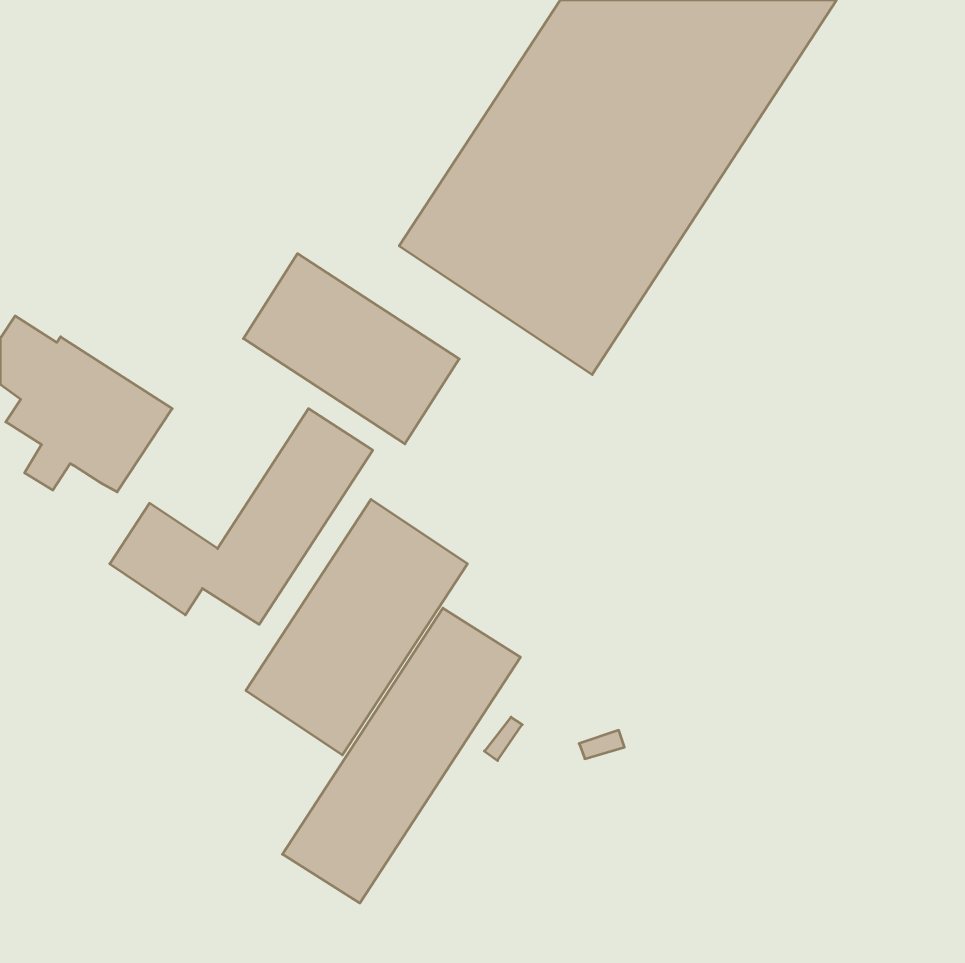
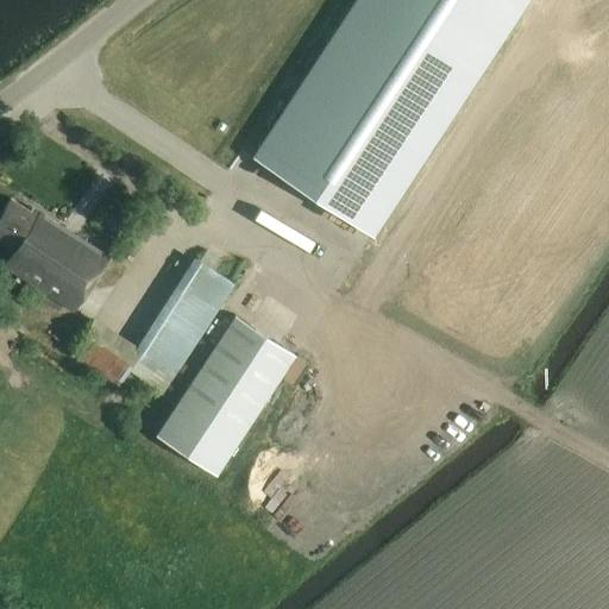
building: [243,254,459,444] -> none
building: [282,608,520,903] -> none

